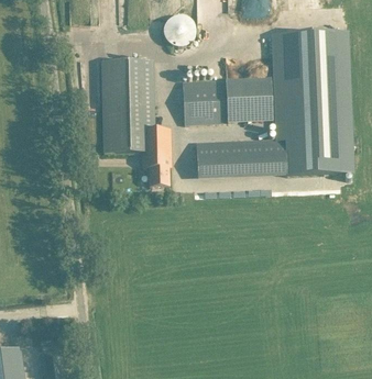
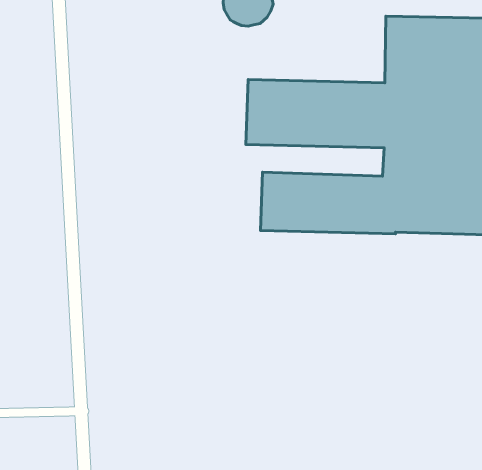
building: [101,59,171,187] -> none

